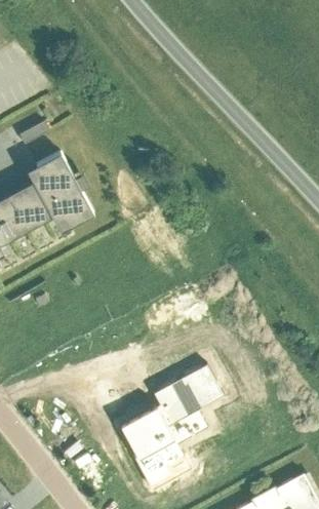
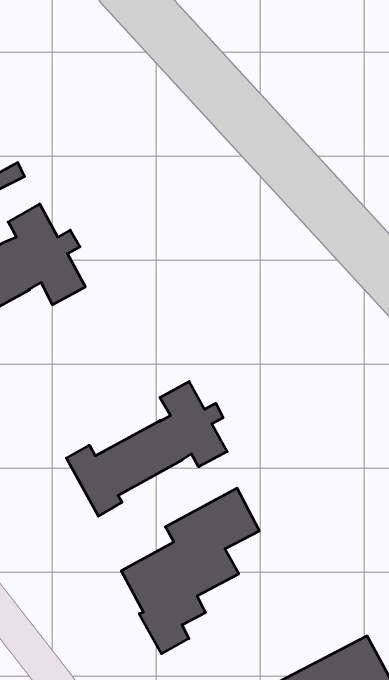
building: none -> [66,381,227,516]

